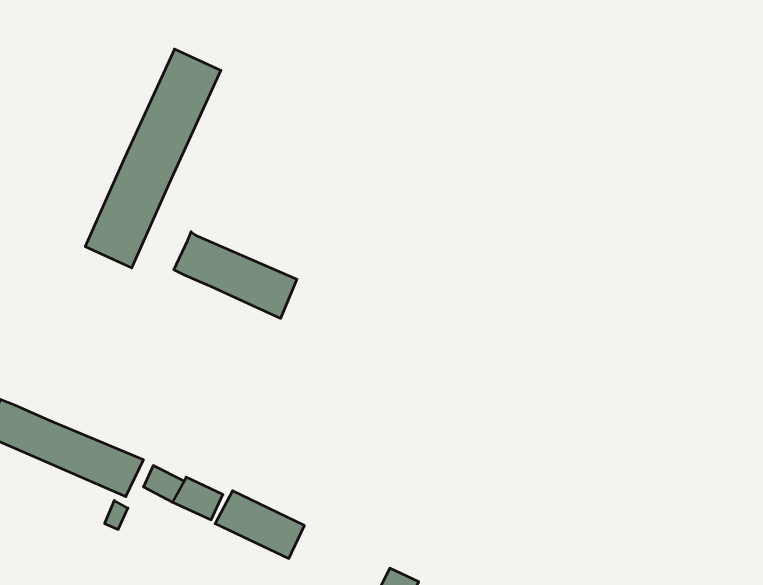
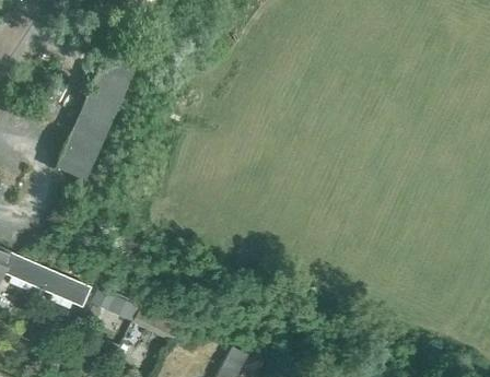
building: [174,232,297,318] -> none

